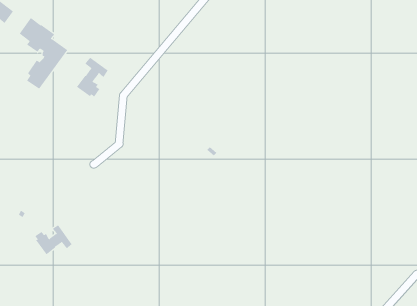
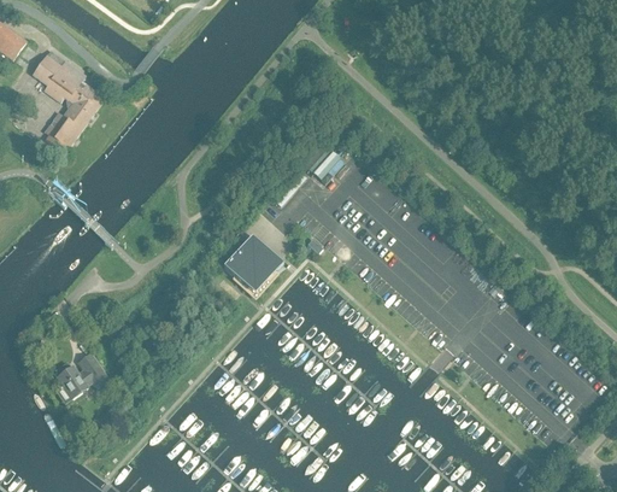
building: [76,57,109,98] -> none
building: none -> [222,232,282,292]

